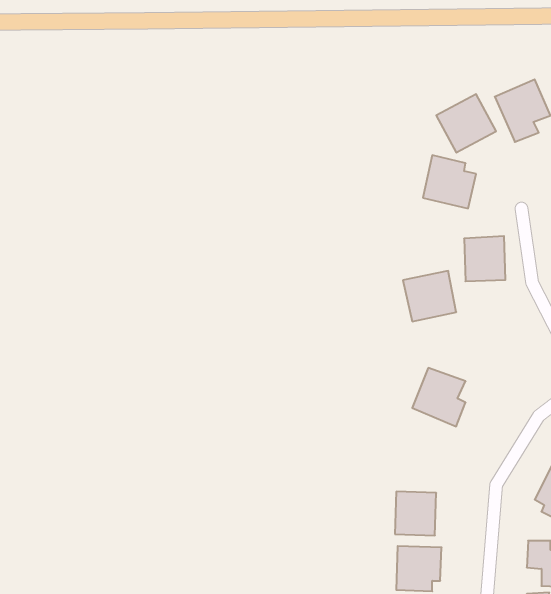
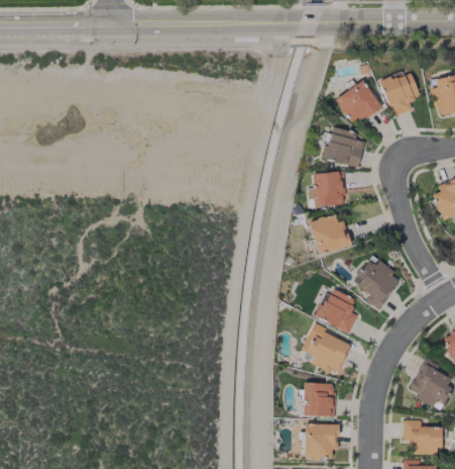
building: [464,236,505,281] -> [313,172,344,206]
building: none -> [353,262,402,309]
building: none -> [302,322,350,374]

